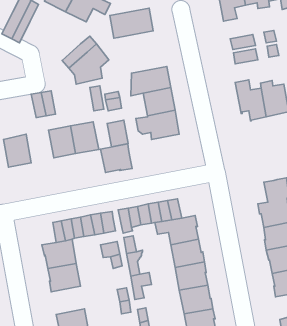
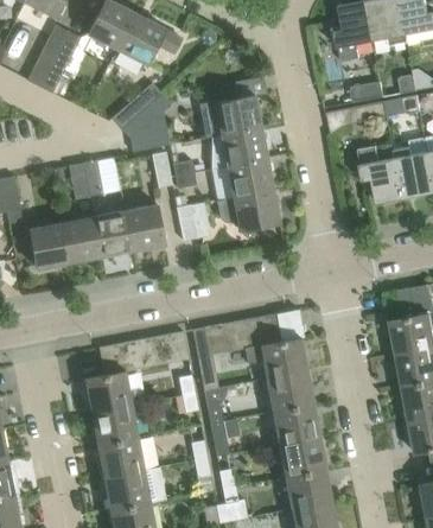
building: [110,8,153,38] -> [199,95,261,138]
building: none -> [62,217,101,263]
building: [101,144,132,172] -> none
building: none -> [97,438,145,478]

